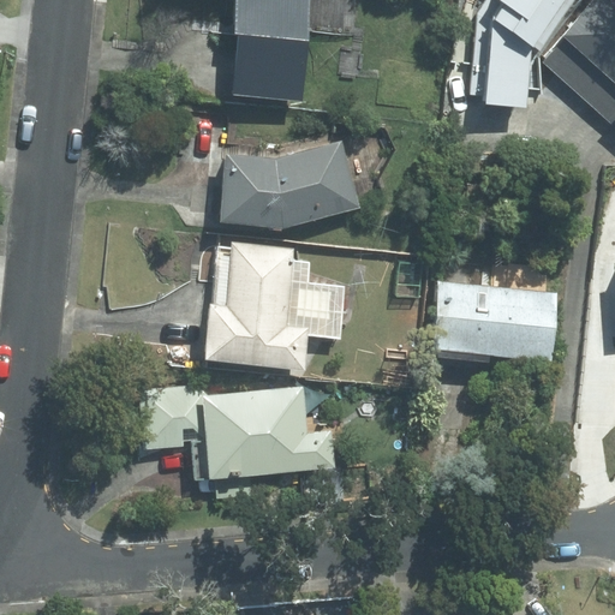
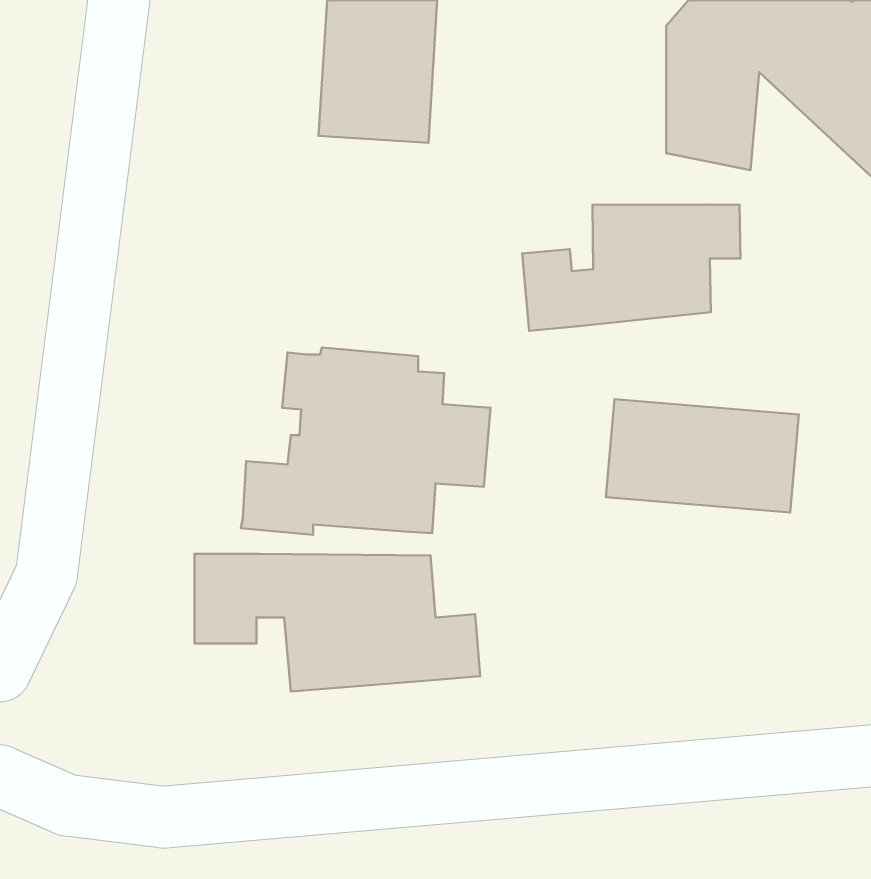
building: [220,136,364,232] -> none
building: none -> [522,205,741,331]

